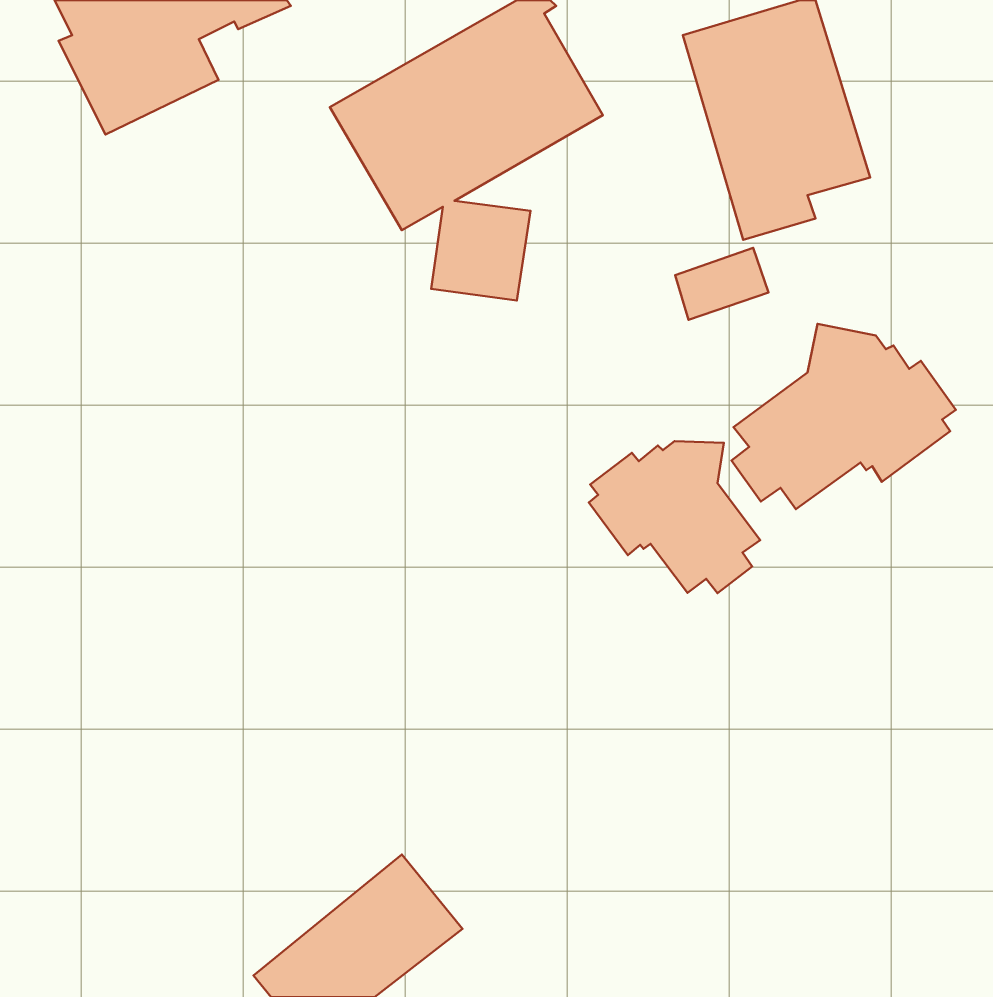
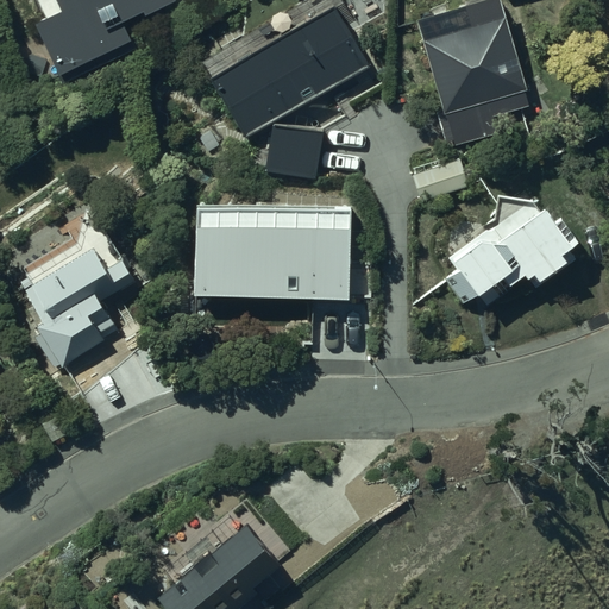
building: none -> [189,200,357,294]
building: none -> [15,205,142,371]
building: [589,441,760,593] -> none

